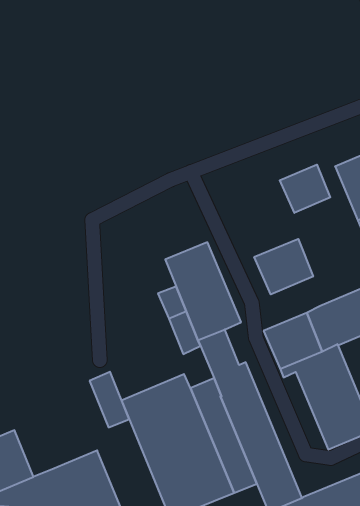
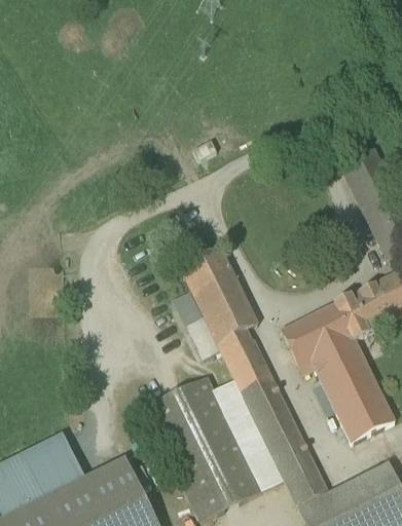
building: [280,165,330,213] -> none
building: [254,239,313,294] -> none
building: [90,372,129,427] -> [43,433,84,487]

